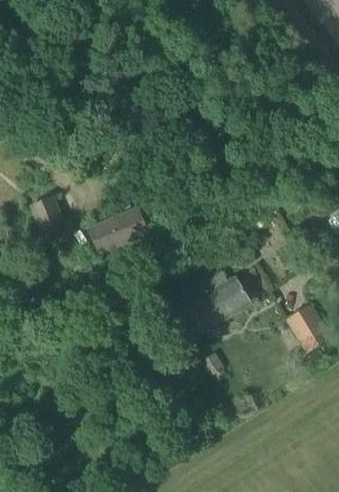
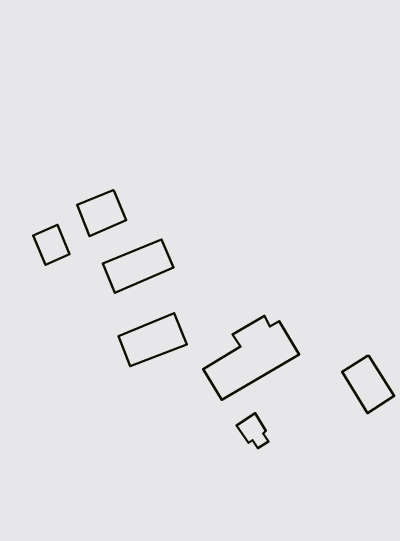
building: none -> [77,190,126,236]
building: none -> [118,313,187,366]

